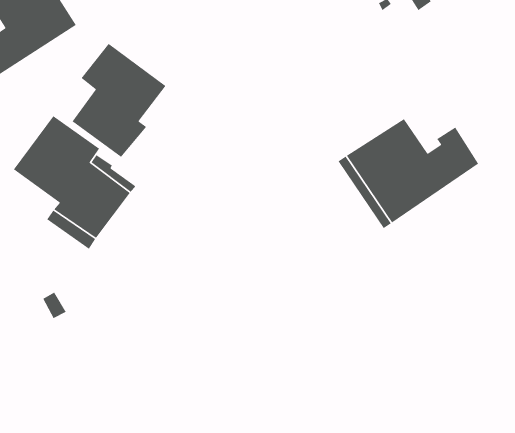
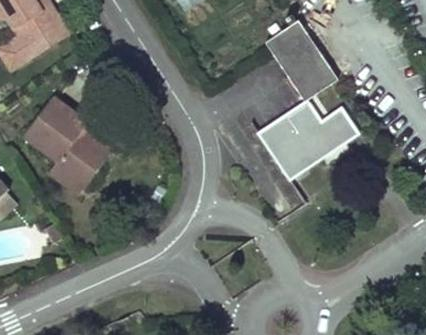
building: none -> [266,19,338,99]
building: [72,43,167,158] -> none

